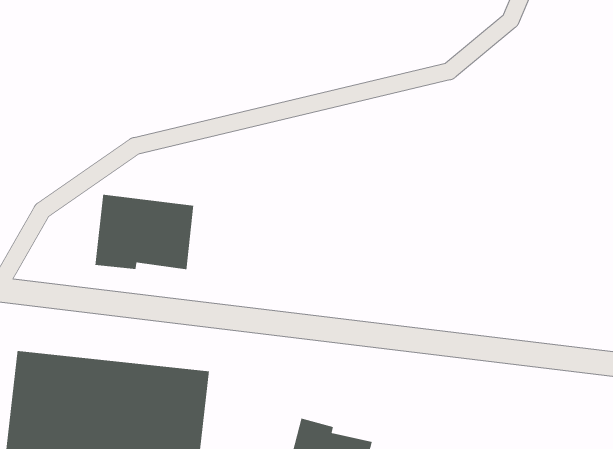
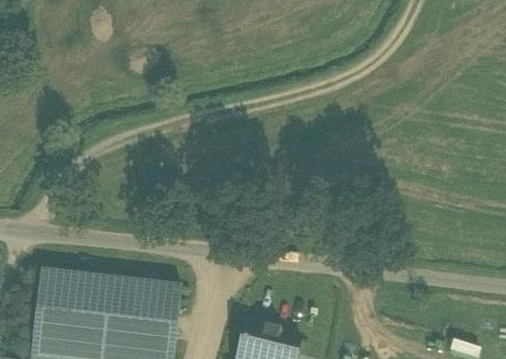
building: [95,194,194,270] -> none

